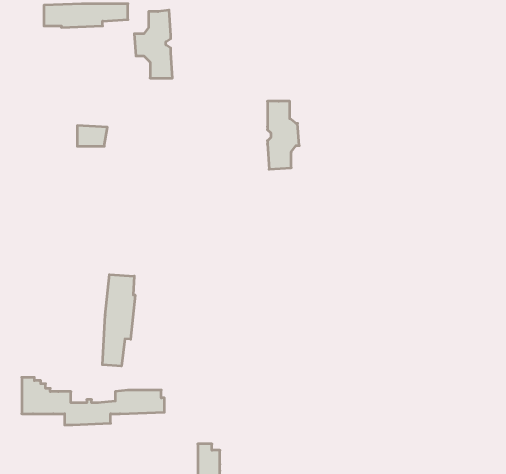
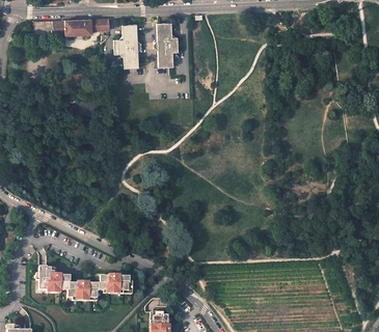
building: [267,101,299,169] -> [158,23,179,67]
building: [102,275,135,366] -> none

